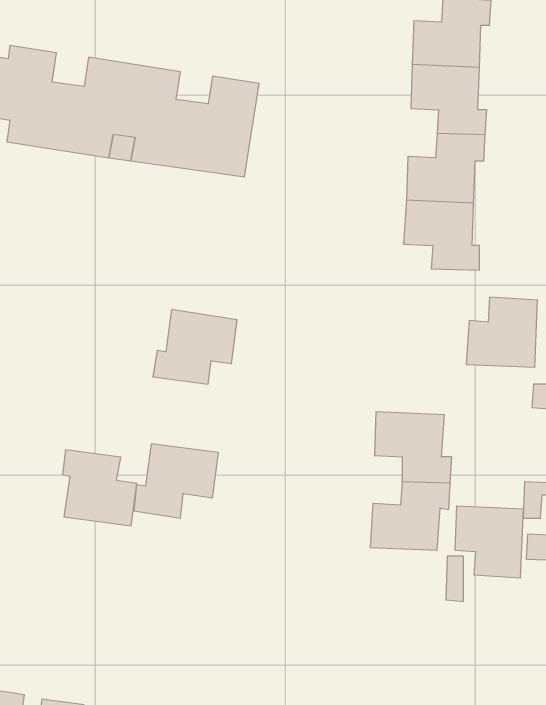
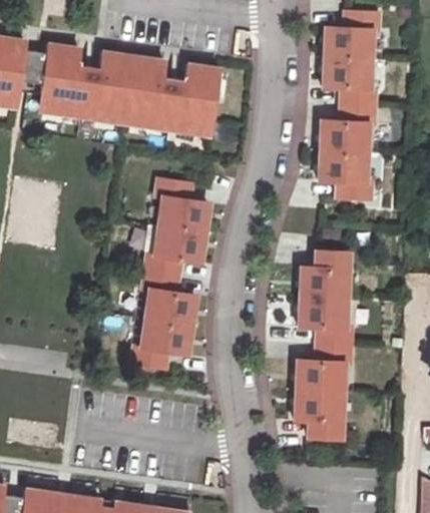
building: none -> [157,182,209,233]
building: [466,297,538,367] -> [300,250,349,299]
building: [62,450,137,526] -> [144,273,195,325]
building: [455,506,524,578] -> [295,390,342,439]

